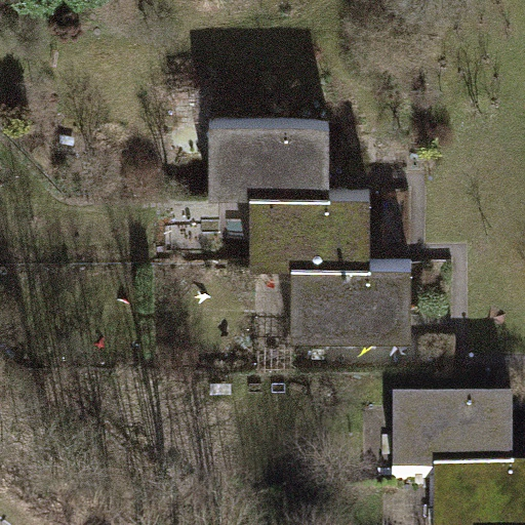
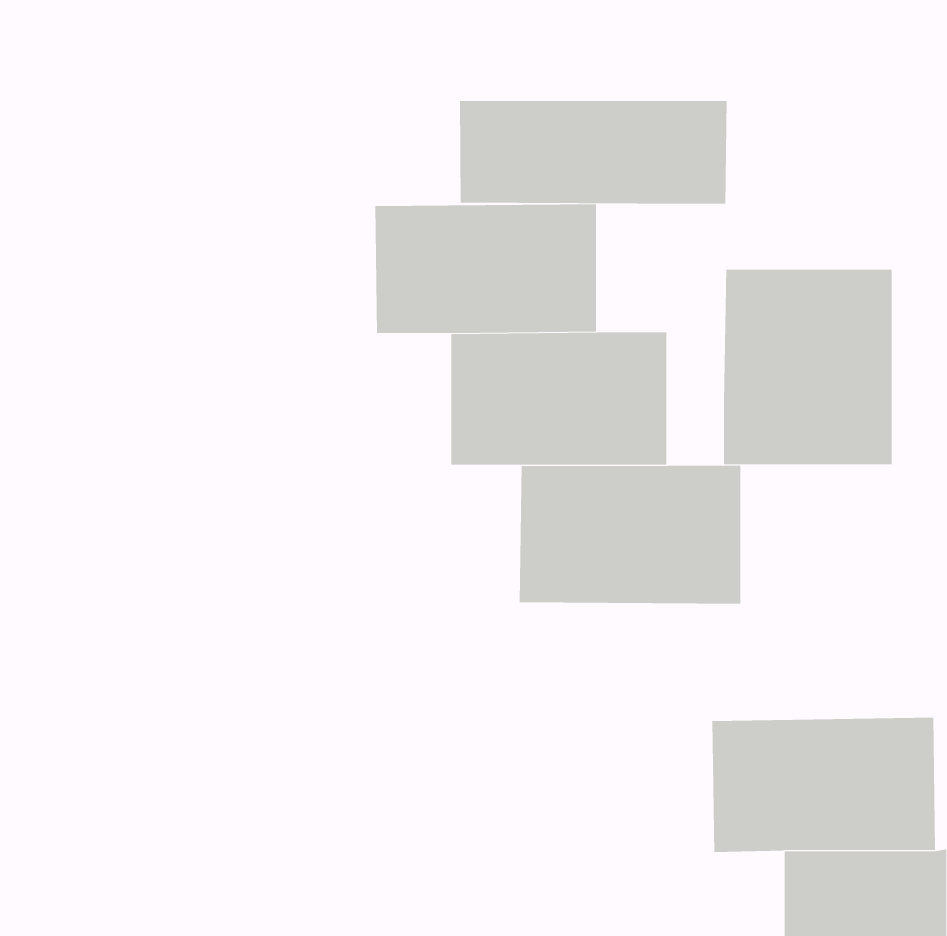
building: none -> [459,100,727,205]
building: none -> [723,269,892,465]

